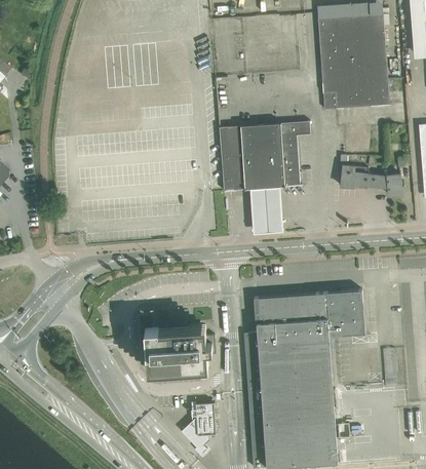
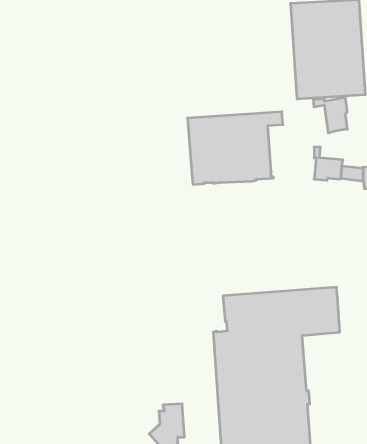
building: none -> [314,97,347,133]
building: [250,188,283,236] -> none
building: [145,323,217,372] -> none

